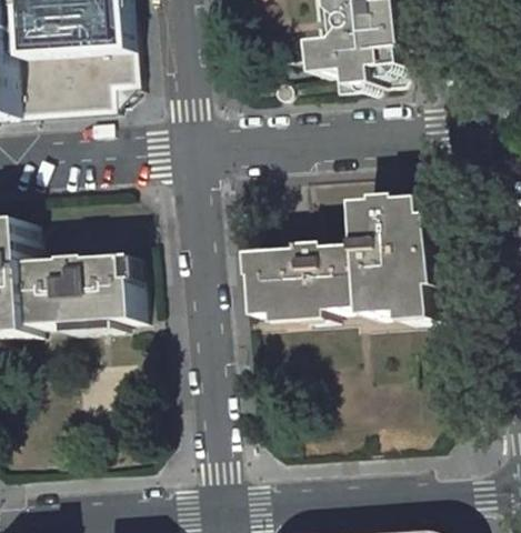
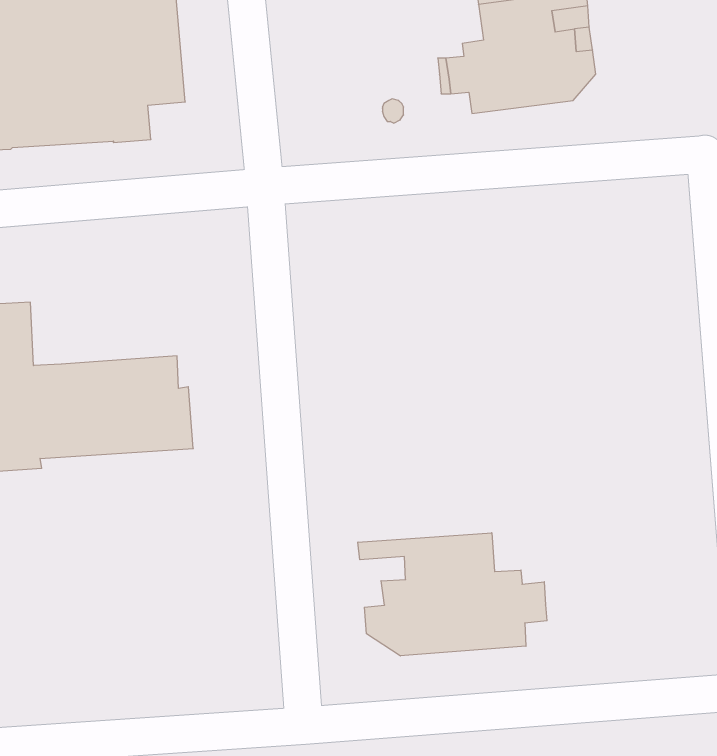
building: [249,194,434,316] -> none
building: none -> [358,533,547,656]

